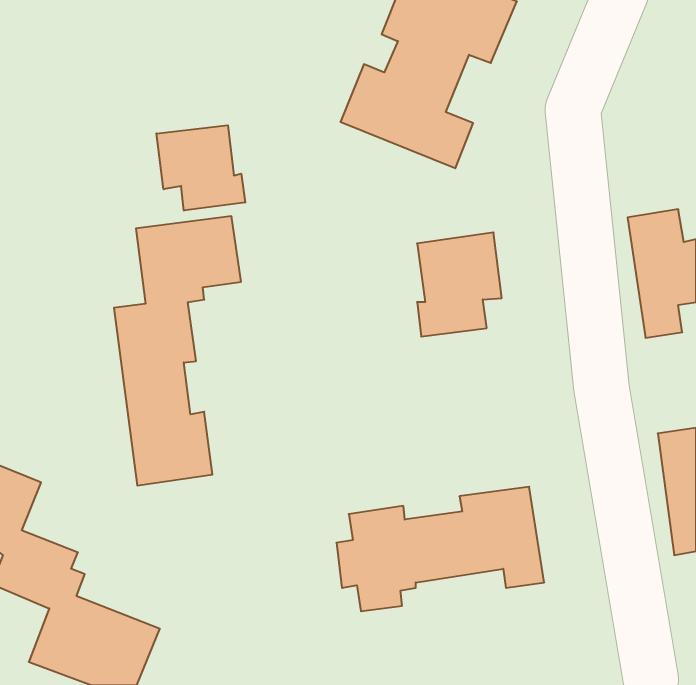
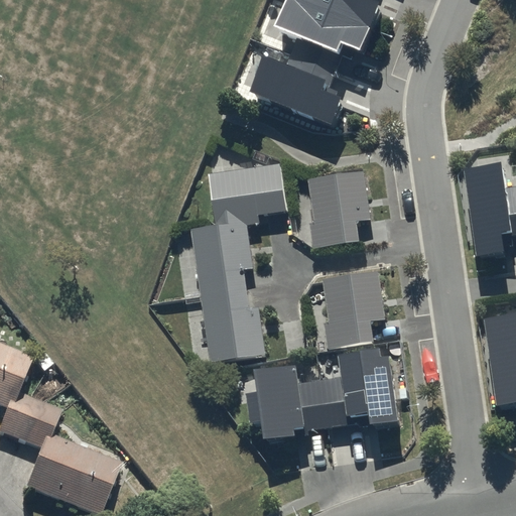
building: [156,125,245,211] -> none
building: [114,216,241,486] -> [192,162,286,361]
building: none -> [320,271,385,348]

